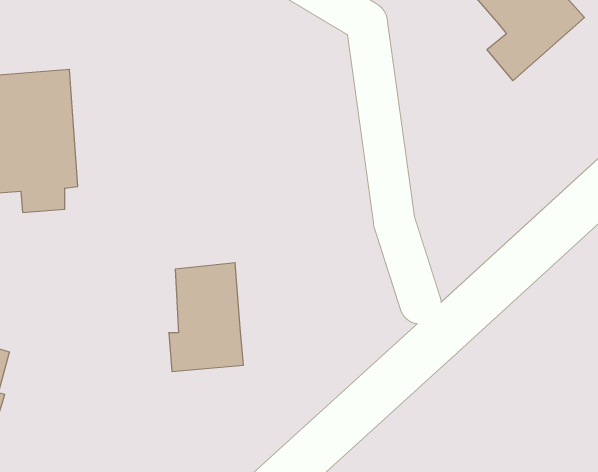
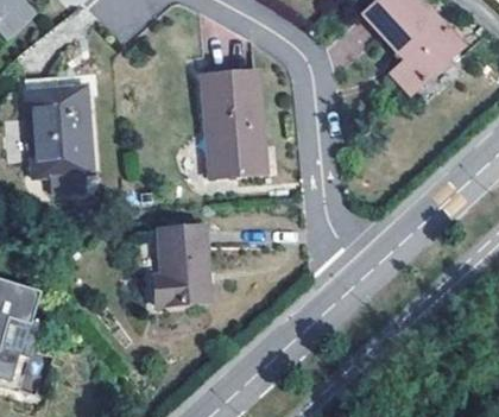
building: none -> [202,69,265,176]

